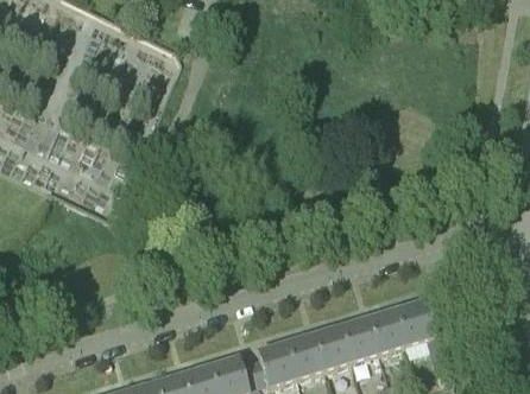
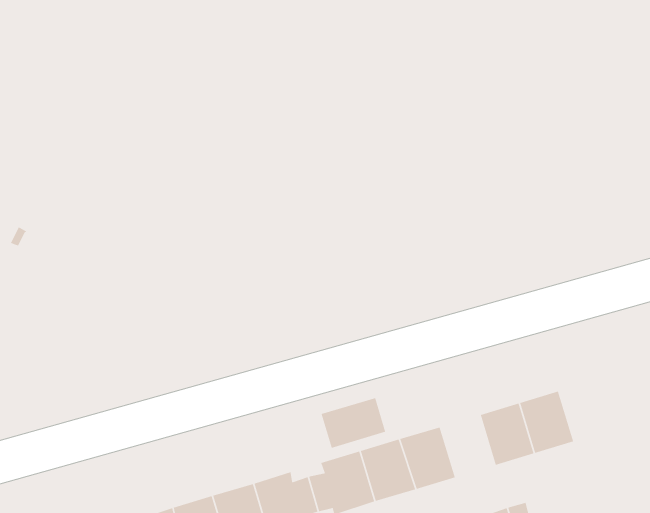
building: none -> [321,397,386,449]
building: [336,317,374,361] -> none

